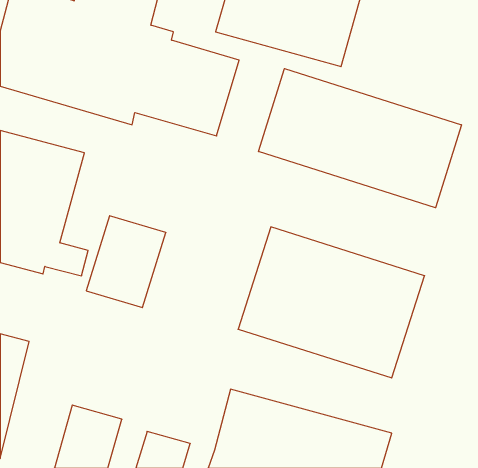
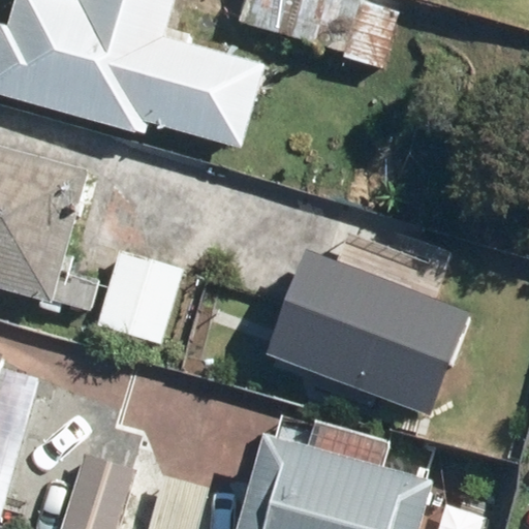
building: [259,69,461,208] -> none

